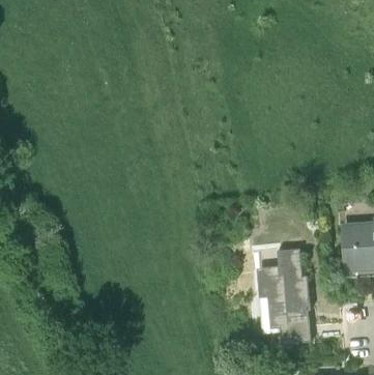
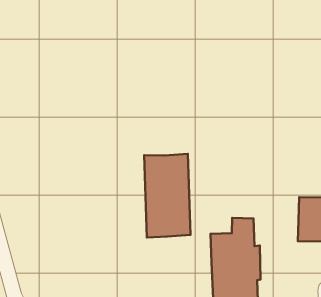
building: none -> [144,154,191,237]

